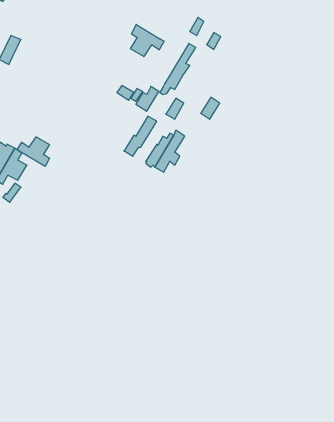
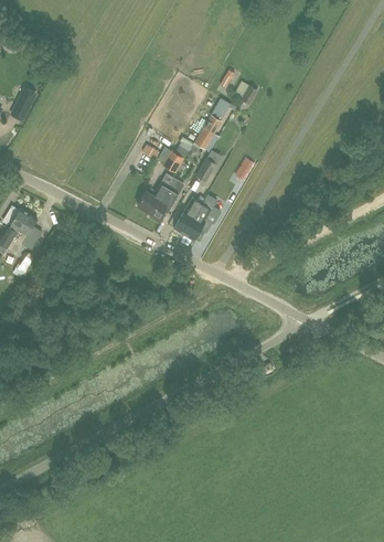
building: [130,24,164,57] -> none
building: none -> [136,172,174,213]
building: [17,137,49,166] -> none

